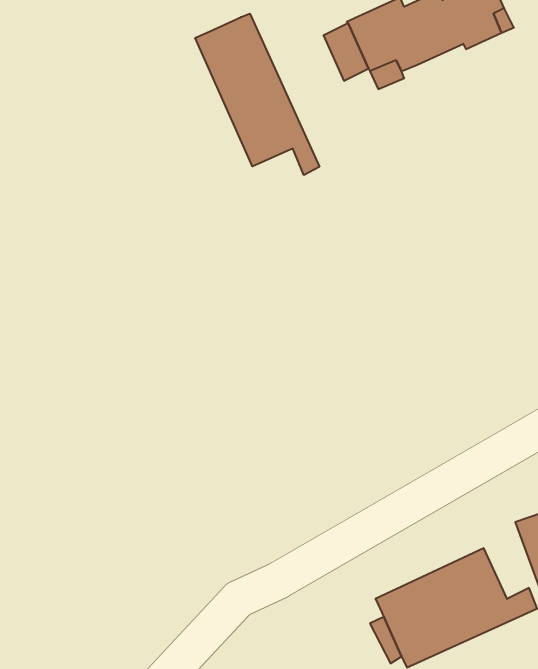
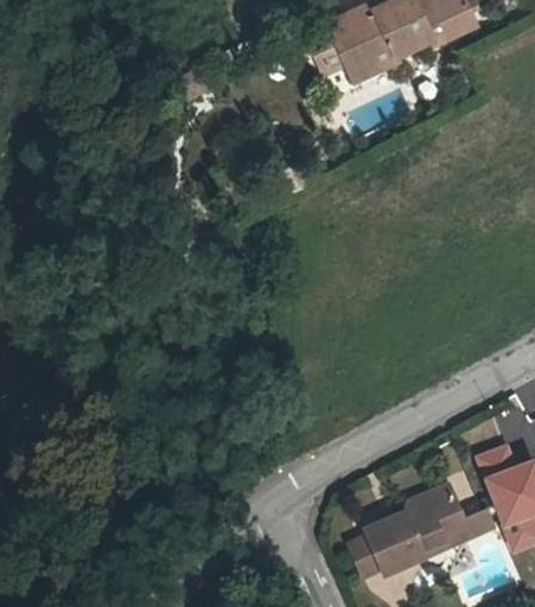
building: [195,14,319,175] -> none

